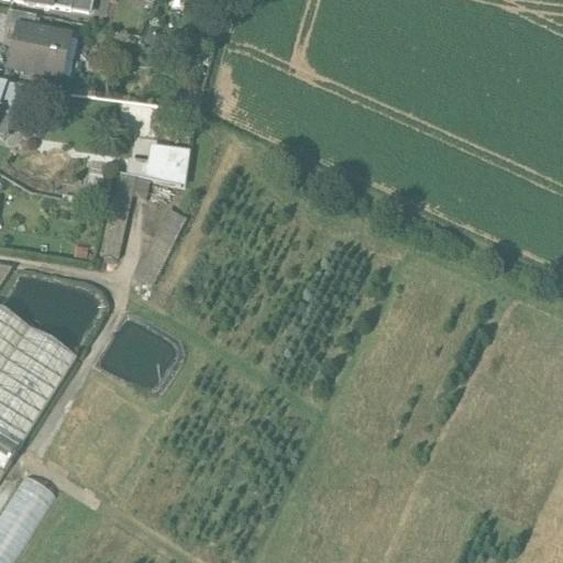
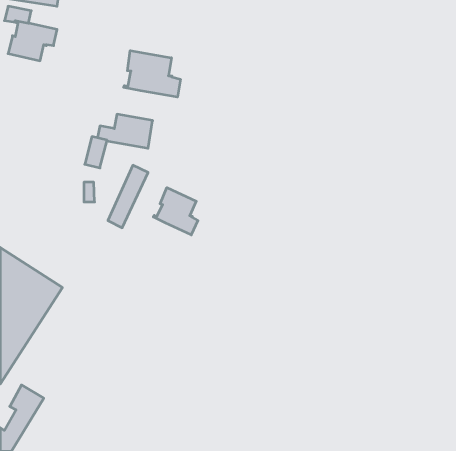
building: none -> [124,51,180,97]
building: none -> [153,188,198,235]

